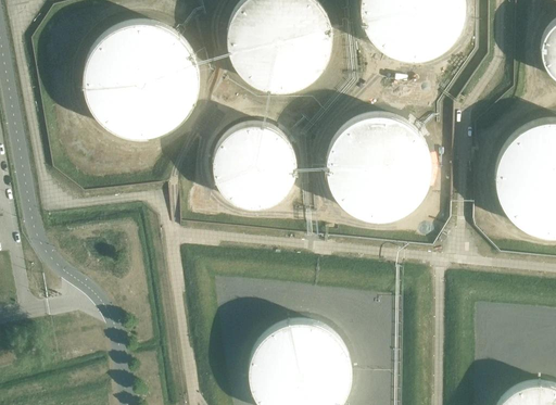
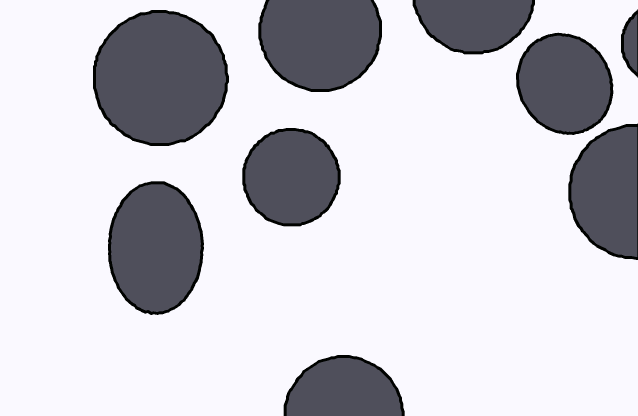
building: none -> [518,34,612,134]
building: [326,116,430,220] -> none
building: none -> [109,183,202,313]

